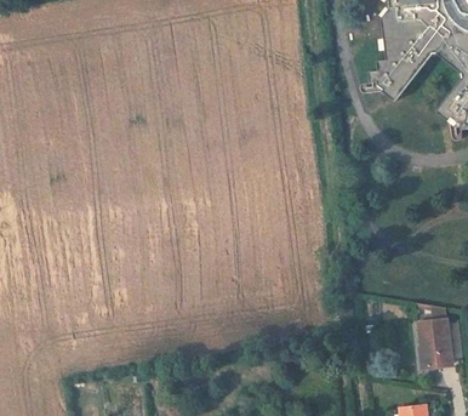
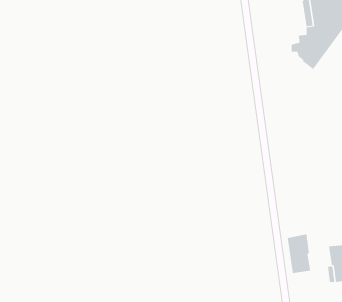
building: none -> [287,233,311,274]

